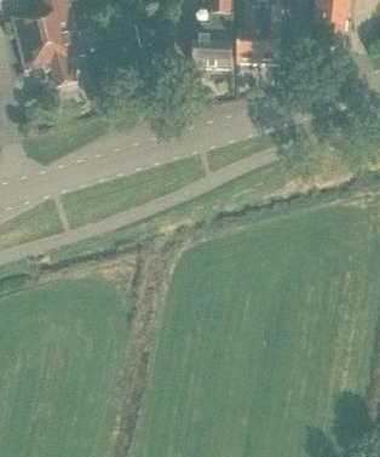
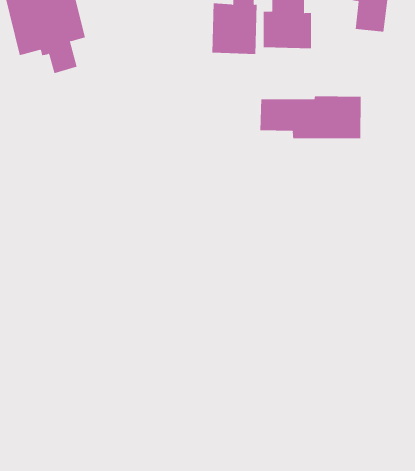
building: none -> [260,95,361,139]

